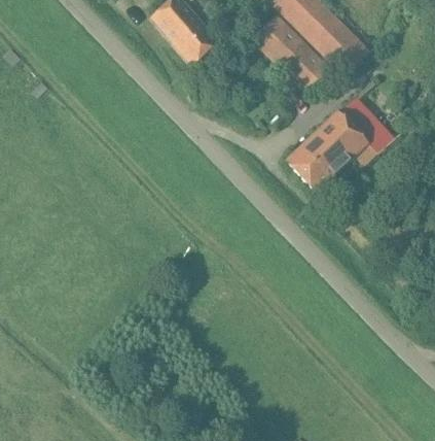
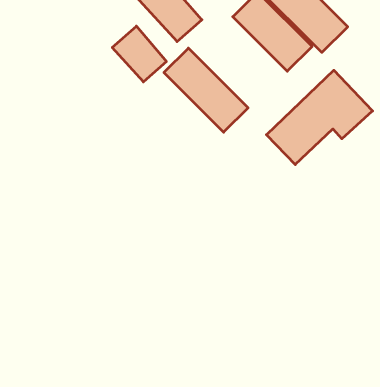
building: none -> [112,26,166,82]
building: none -> [164,48,248,132]

